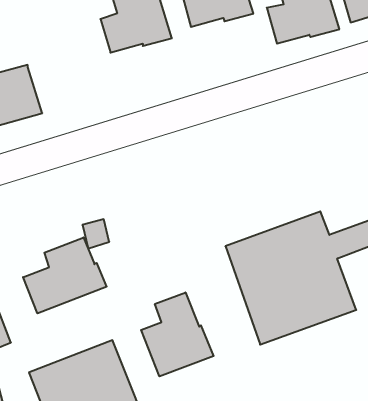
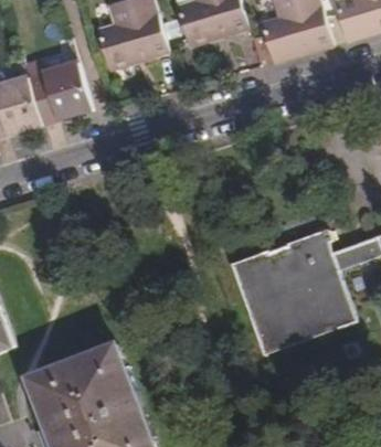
building: none -> [29,65,93,127]
building: [23,237,107,313] -> none
building: [141,292,214,376] -> none

